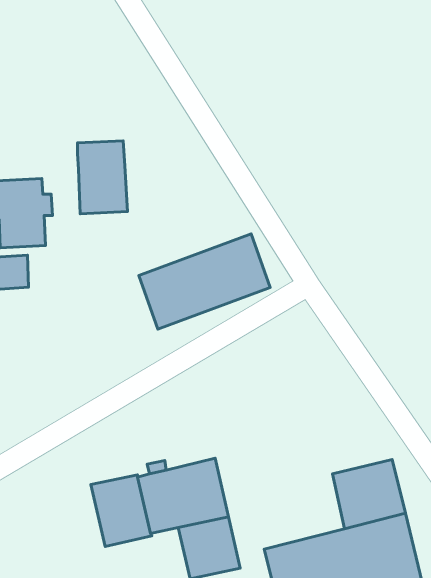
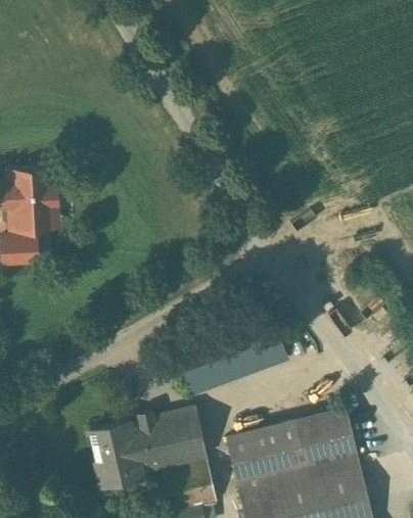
building: [77,141,127,214] -> none
building: [139,234,270,329] -> [175,313,287,394]
building: none -> [226,423,306,487]

